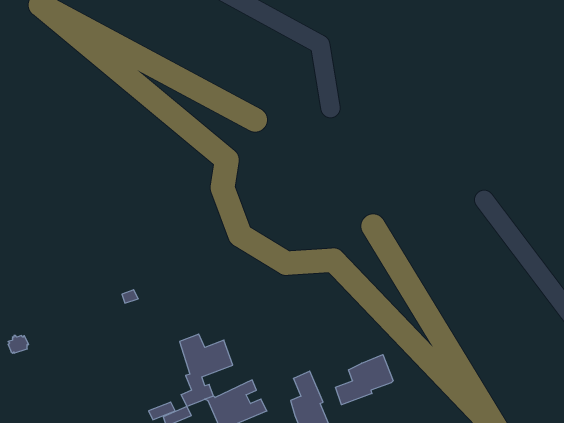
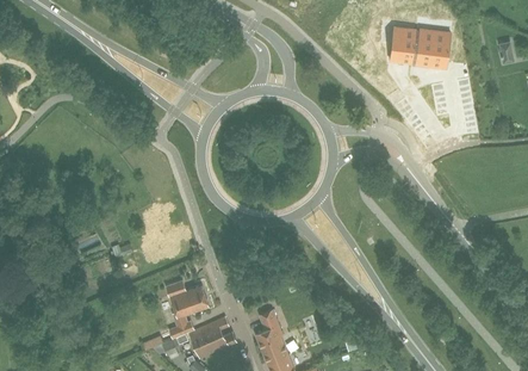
building: none -> [390,25,449,64]
building: [335,355,393,405] -> none

